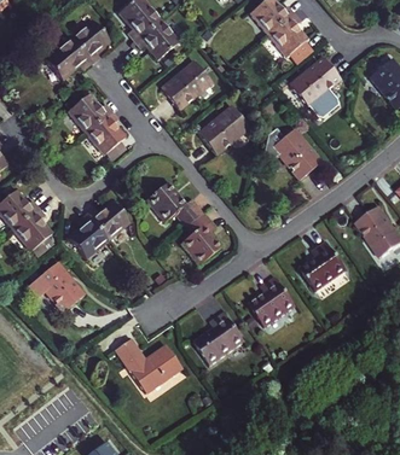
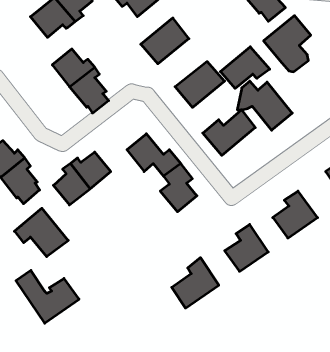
building: none -> [220,47,270,88]
building: none -> [203,110,255,155]
building: [115,337,181,392] -> [16,270,79,323]

